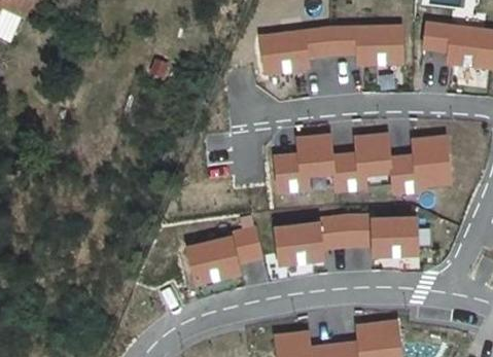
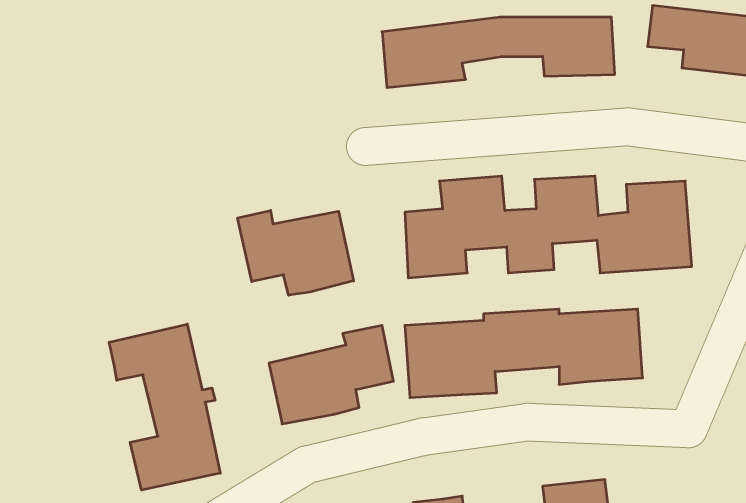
building: none -> [238,210,354,295]
building: none -> [109,324,220,490]

